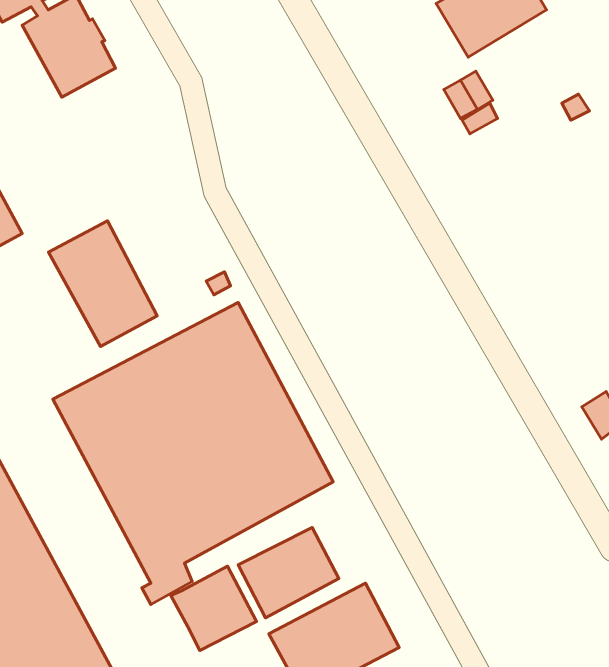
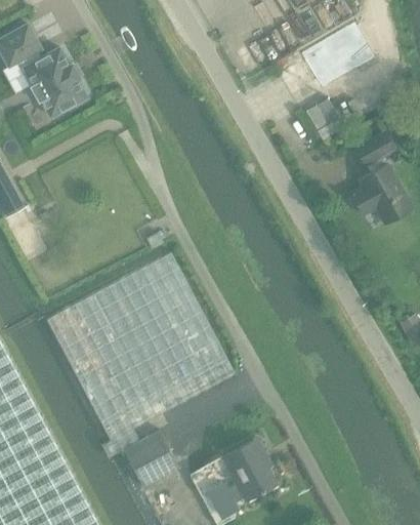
building: none -> [350,133,410,224]
building: [49,221,157,346] -> none
building: [238,527,339,618] -> none

